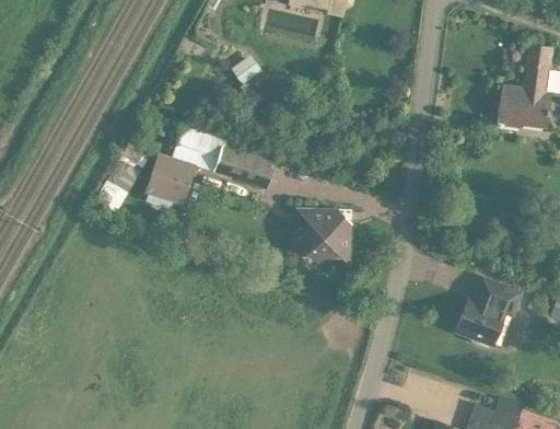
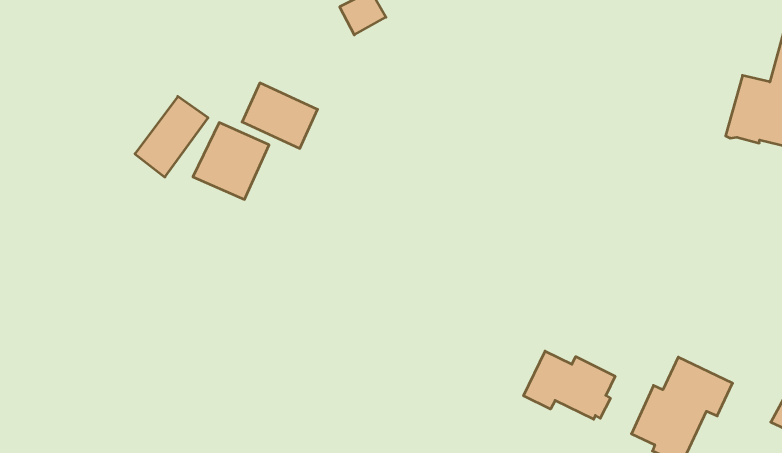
building: [214,147,273,187] -> none
building: [296,209,351,265] -> none
building: none -> [524,351,615,419]

